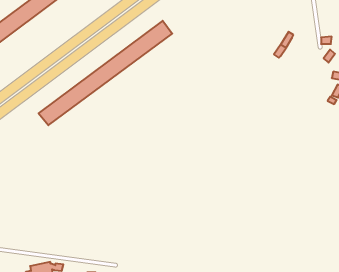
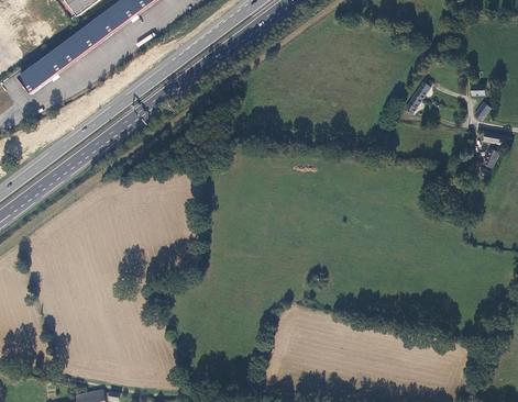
building: [39,21,172,125] -> none

